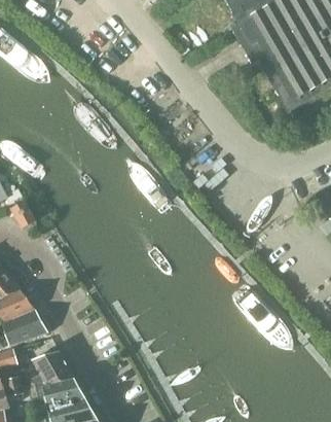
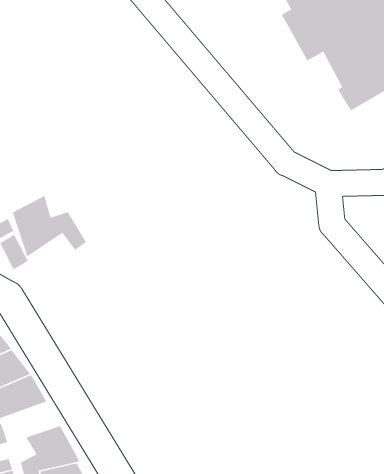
building: none -> [12,195,87,256]

